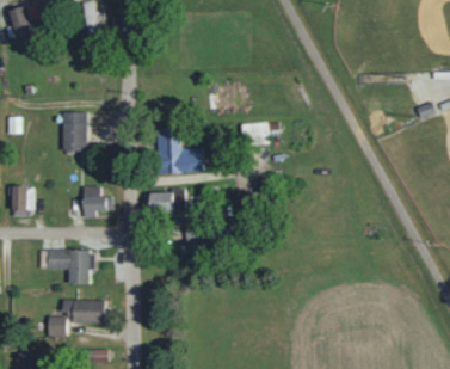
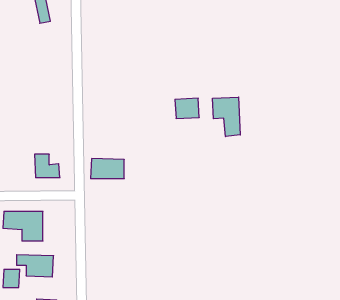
building: [63,112,88,152] -> none
building: none -> [213,97,240,137]
building: [158,127,203,174] -> none

